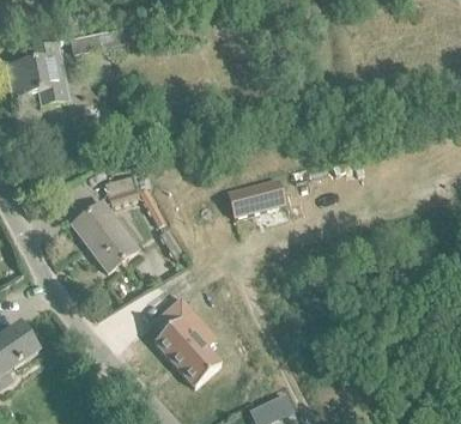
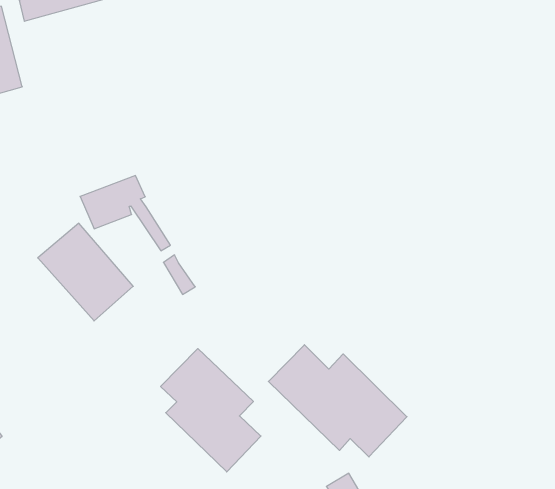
building: [228,177,285,217] -> none
building: none -> [268,345,407,457]

